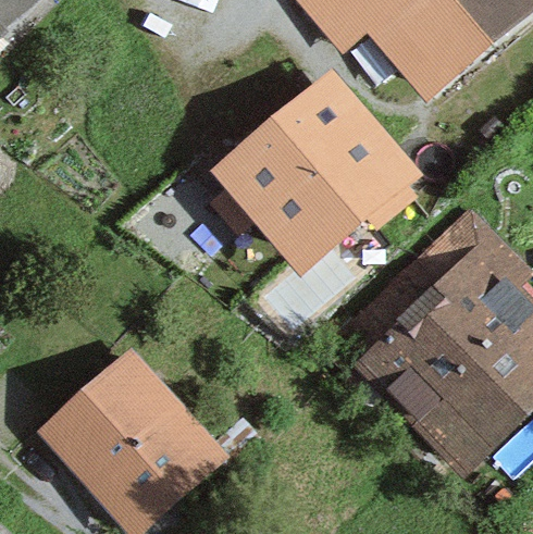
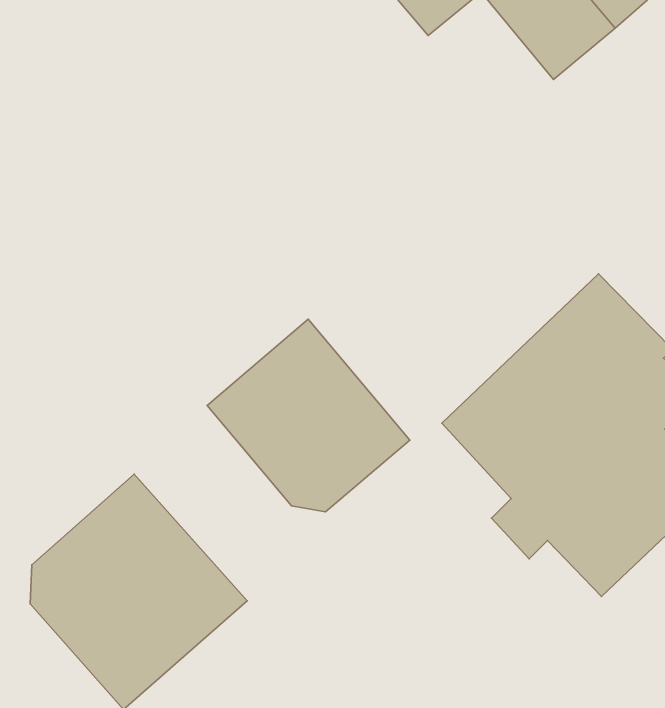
building: [238,100,413,253] -> none
building: none -> [207,319,410,512]

